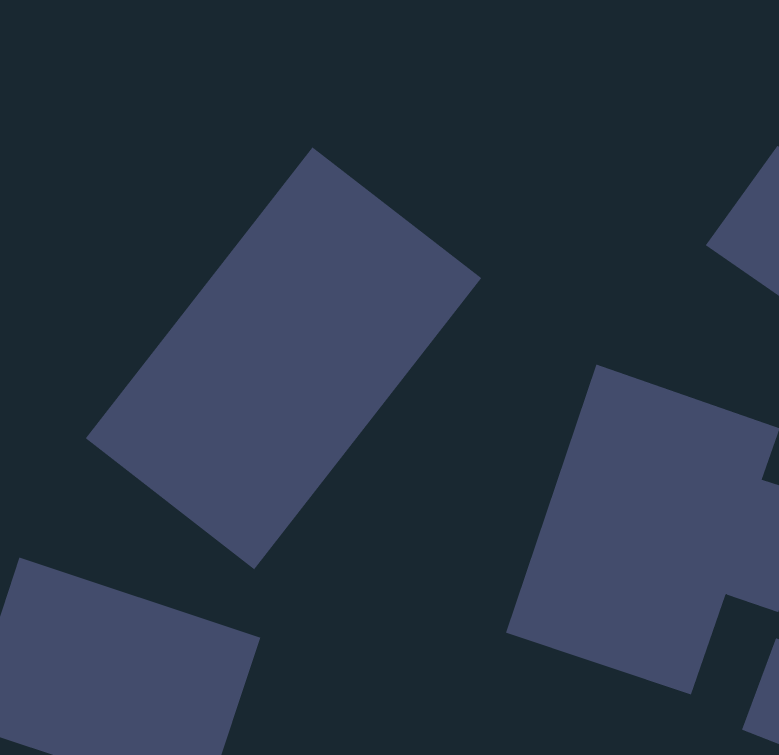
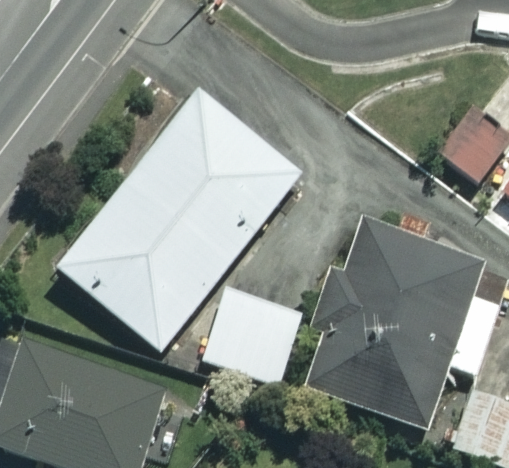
building: none -> [203,287,304,384]

